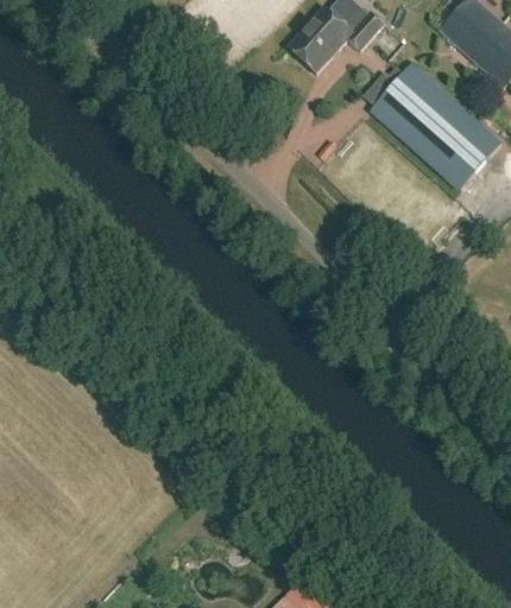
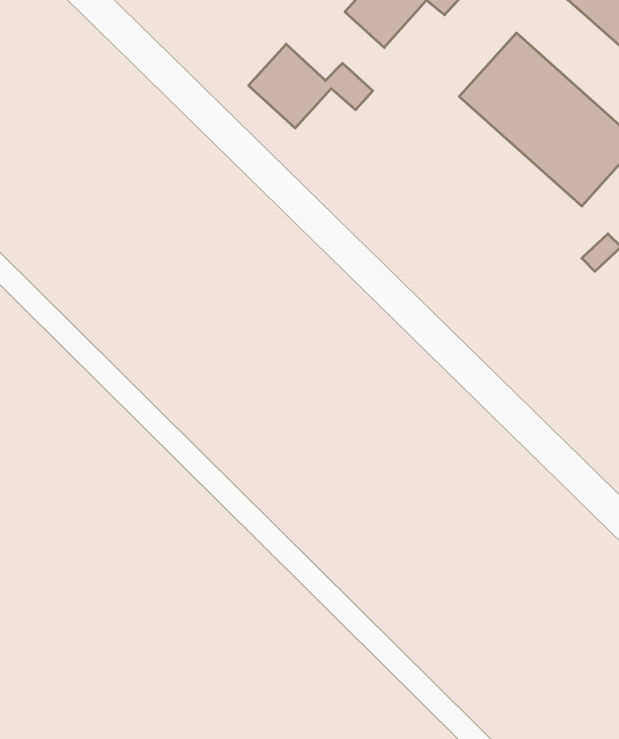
building: none -> [249,44,373,128]

